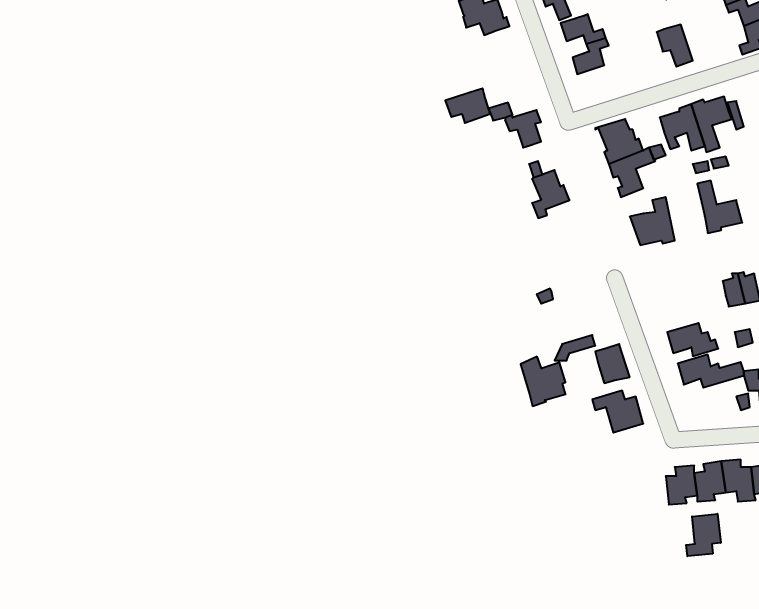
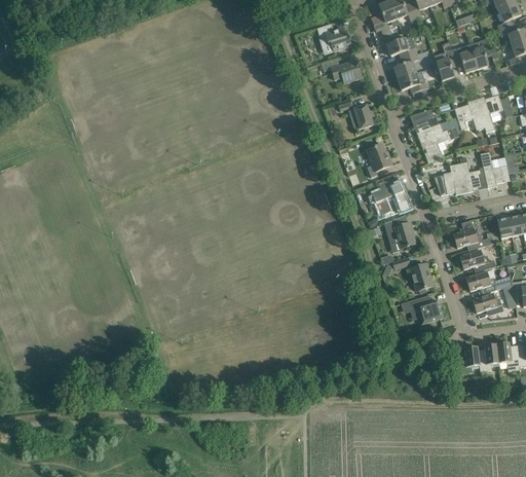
building: none -> [468,39,491,69]
building: none -> [435,49,456,80]
building: none -> [398,71,428,93]
building: [445,88,490,123] -> [331,60,362,83]
building: none -> [458,161,481,192]
building: none -> [368,183,409,215]
building: none -> [453,220,498,250]
building: [521,357,566,406] -> [384,218,415,252]
building: none -> [473,292,503,315]
building: [686,514,721,556] -> none

